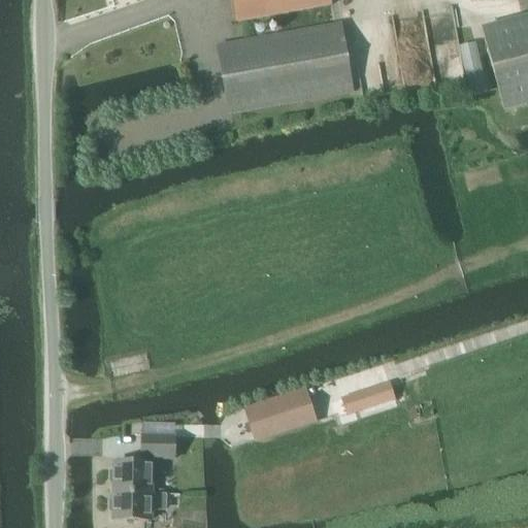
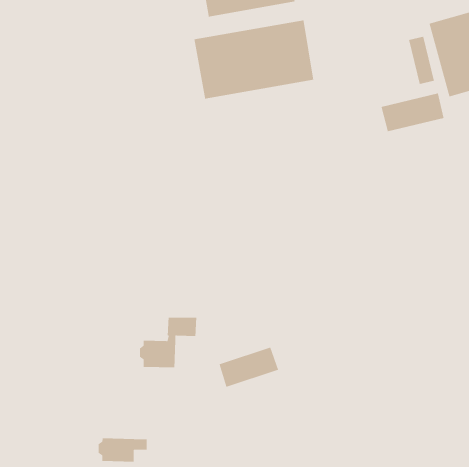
building: none -> [380,92,444,132]
building: [341,380,395,414] -> none
building: [112,433,177,491] -> [139,317,197,368]

